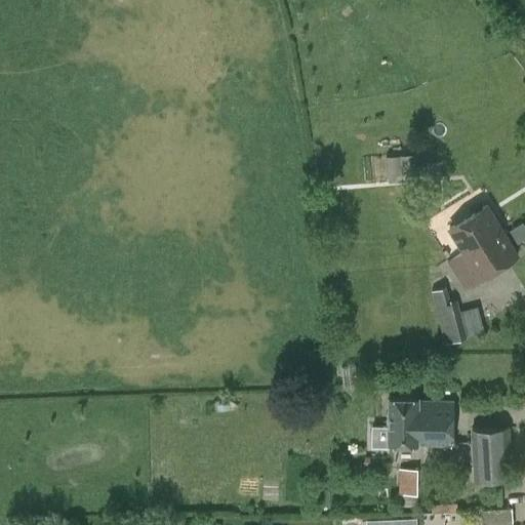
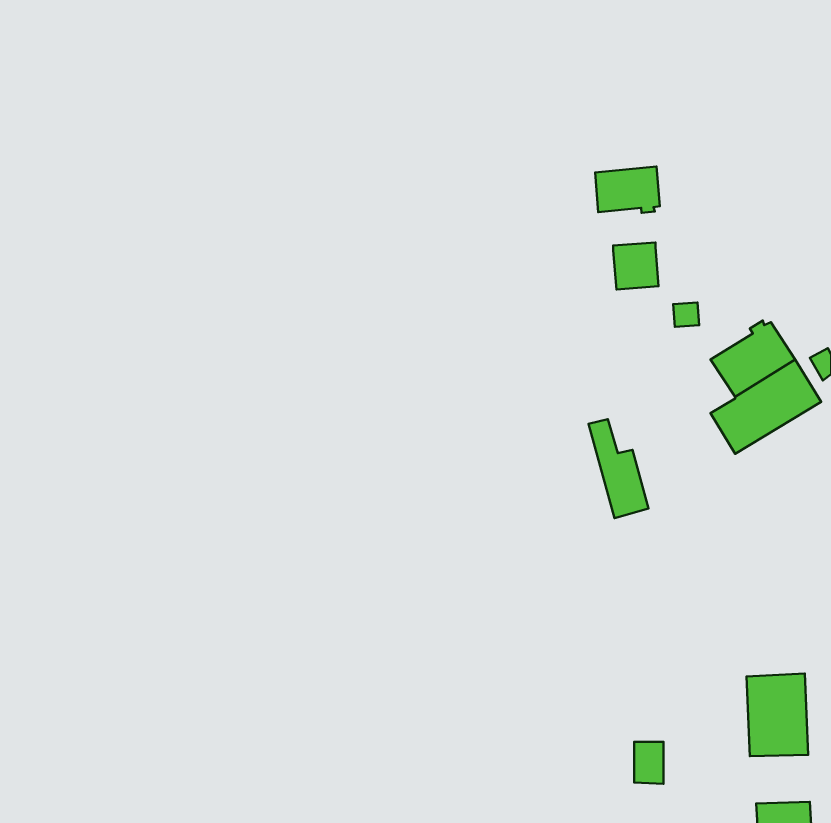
building: none -> [595,166,660,213]
building: [432,282,470,345] -> [588,419,649,518]
building: [388,401,452,450] -> none

